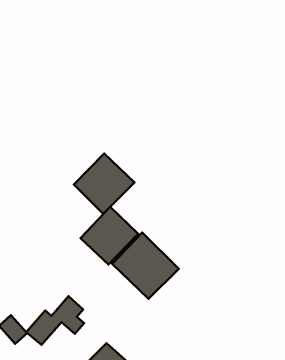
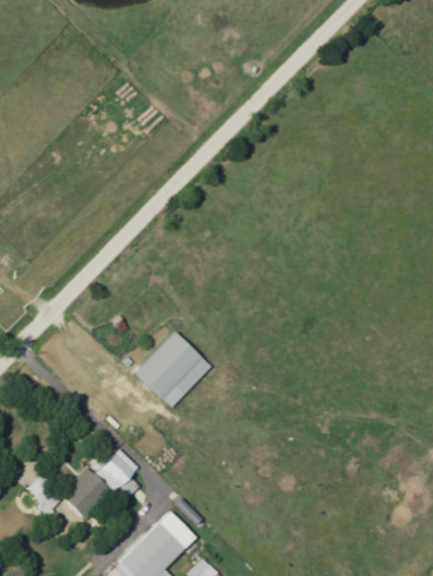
building: [74,153,134,214] -> none
building: [112,233,179,299] -> none

